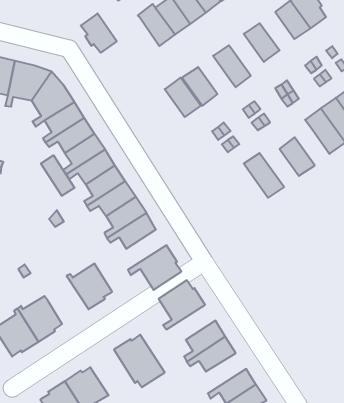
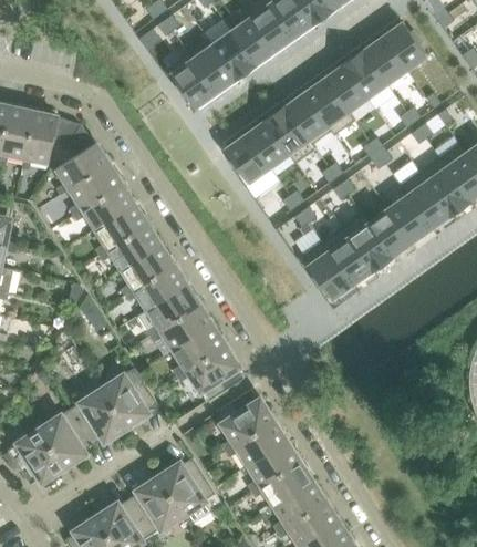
building: none -> [343,50,387,99]
building: [81,13,117,53] -> [172,58,217,107]
building: none -> [304,78,355,135]
building: none -> [266,105,315,163]
building: none -> [387,195,432,244]
building: none -> [343,214,393,271]
building: [41,155,75,196] -> none
building: none -> [303,241,354,300]
building: none -> [173,324,226,375]
building: none -> [72,383,127,444]
building: none -> [226,420,288,464]
building: none -> [129,476,186,534]
building: none -> [273,481,326,531]

